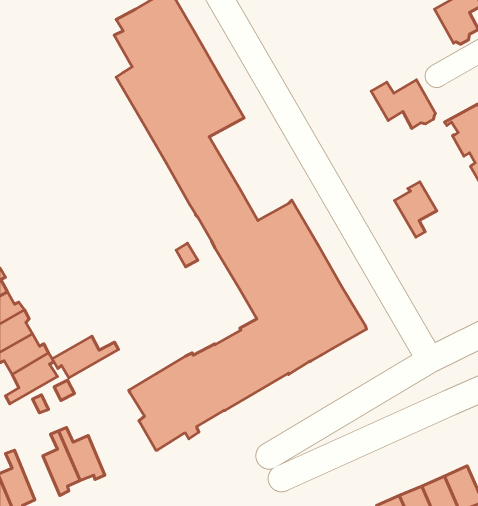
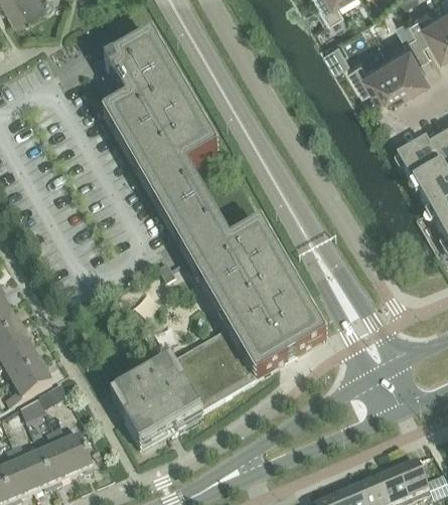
building: [371,80,436,128] -> [347,51,405,95]
building: [395,182,437,237] -> none
building: [52,336,119,378] -> none
building: none -> [14,441,54,488]

